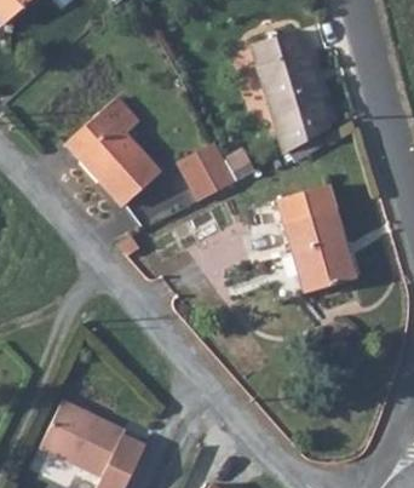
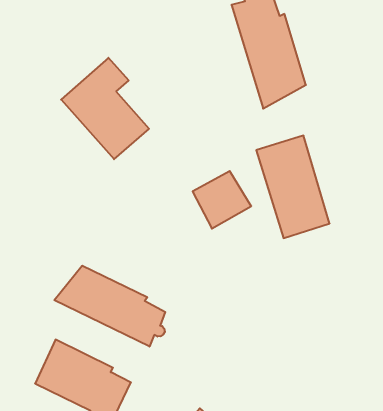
building: [176,140,238,202] -> [193,171,251,229]
building: none -> [54,266,165,347]

